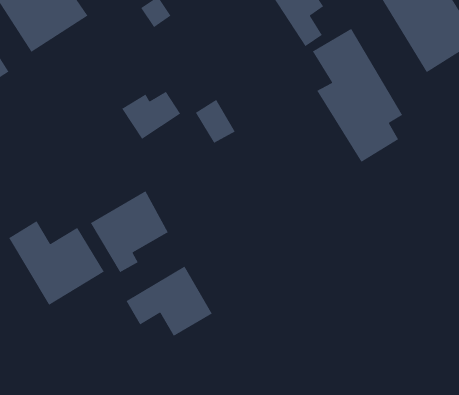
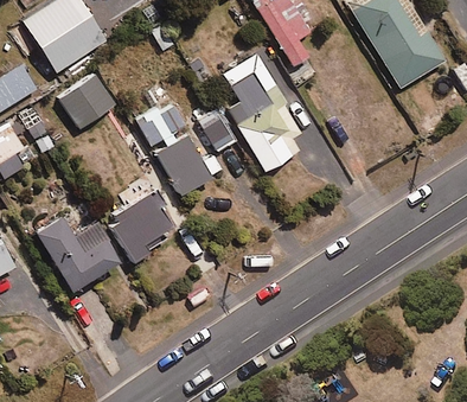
building: [312,28,403,163] -> [223,53,302,171]
building: none -> [58,75,115,128]
building: none -> [158,135,223,194]
building: [125,266,213,337] -> none

